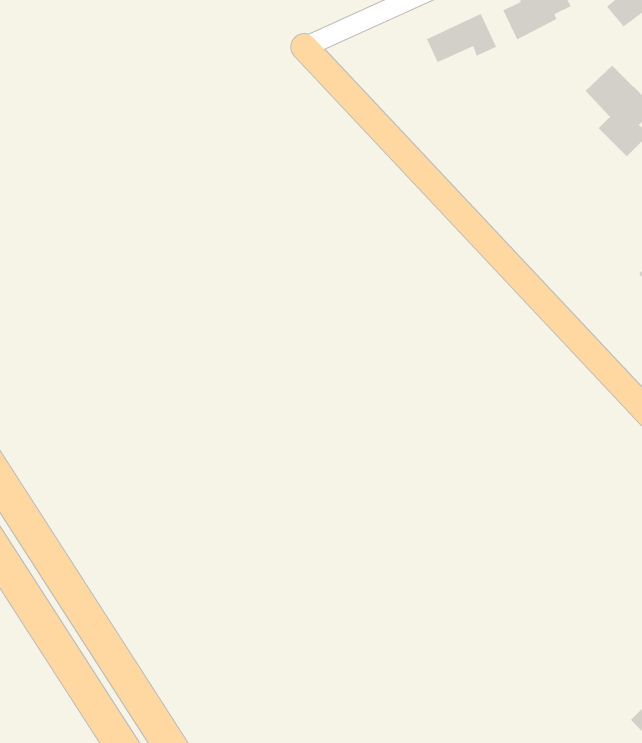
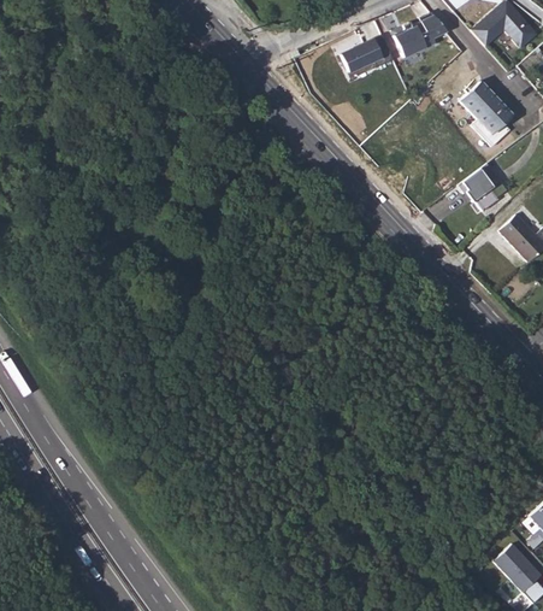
building: none -> [459,169,495,204]

